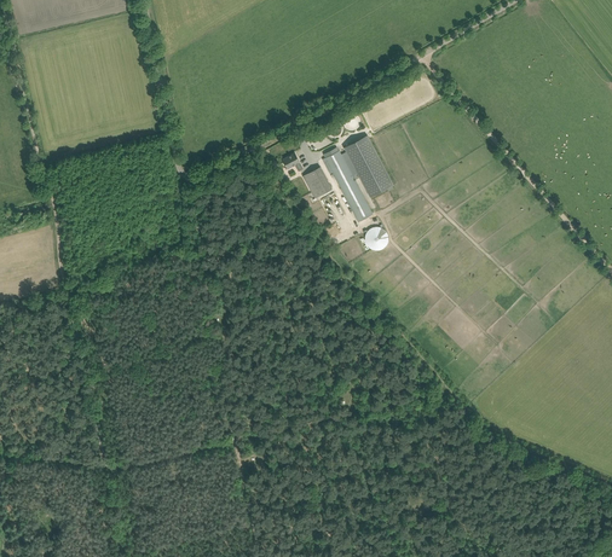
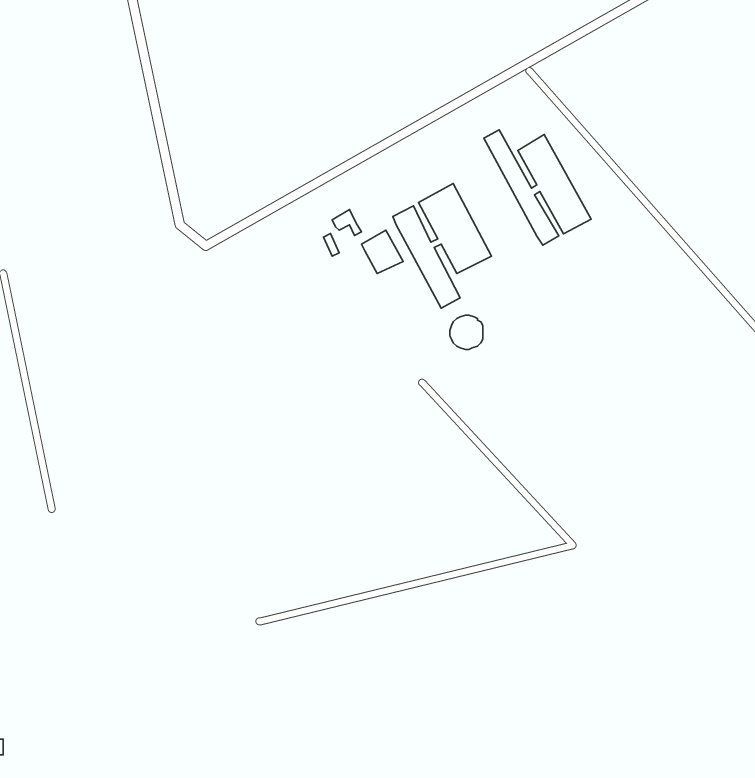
building: none -> [484,130,591,245]

